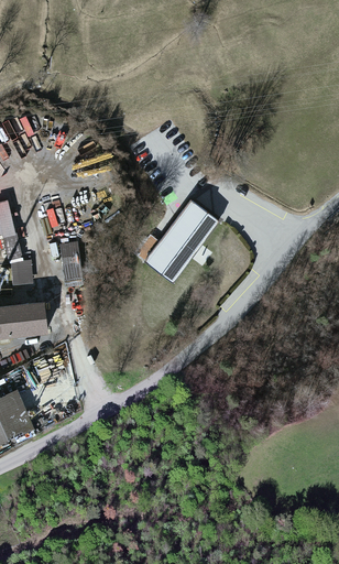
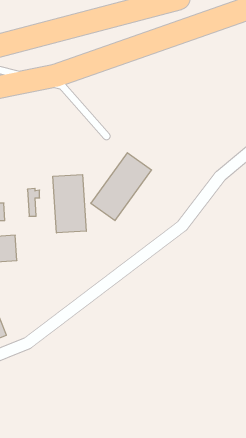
building: none -> [53,175,86,233]

